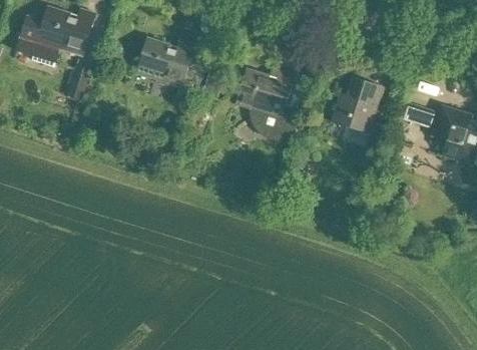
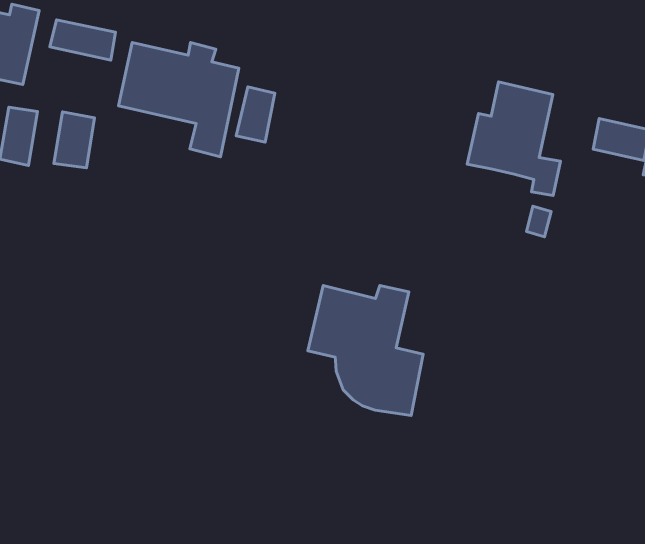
building: none -> [50,20,116,60]
building: [234,67,300,145] -> [308,286,423,416]
building: none -> [54,112,95,168]

